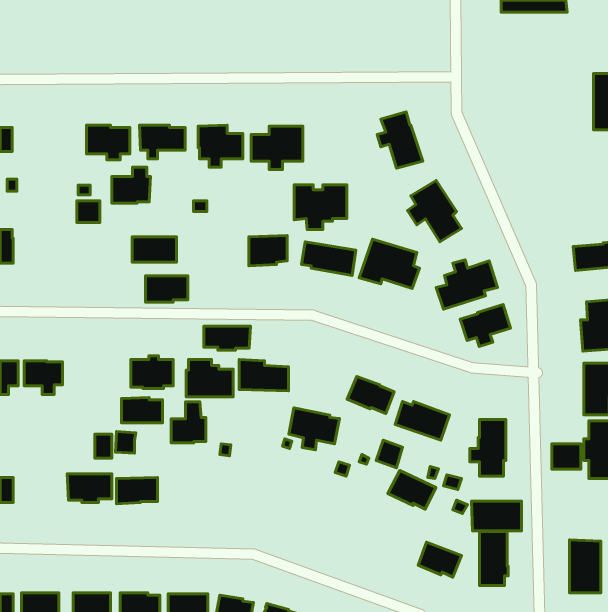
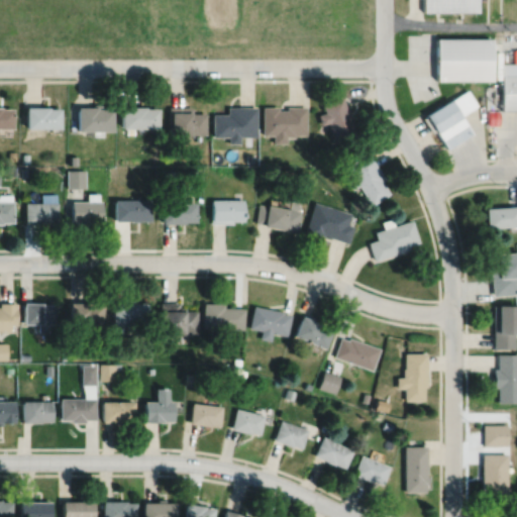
building: none -> [437,38,495,81]
building: none -> [425,91,481,149]
building: none -> [26,107,63,129]
building: [112,167,150,203] -> [73,194,105,224]
building: [294,185,347,229] -> [266,107,310,144]
building: none -> [27,204,61,225]
building: [146,276,188,302] -> [164,203,199,225]
building: [460,305,511,347] -> none
building: [204,326,251,350] -> none
building: [122,397,162,423] -> [72,304,106,325]
building: [171,402,206,443] -> [146,390,176,424]
building: [289,408,339,450] -> [252,307,295,342]
building: [552,444,581,469] -> [486,426,510,447]
building: [388,471,436,509] -> [316,438,356,471]
building: none -> [22,403,55,425]
building: none -> [192,405,224,428]
building: none -> [233,410,267,436]
building: none -> [276,422,311,450]
building: [471,501,521,531] -> none

